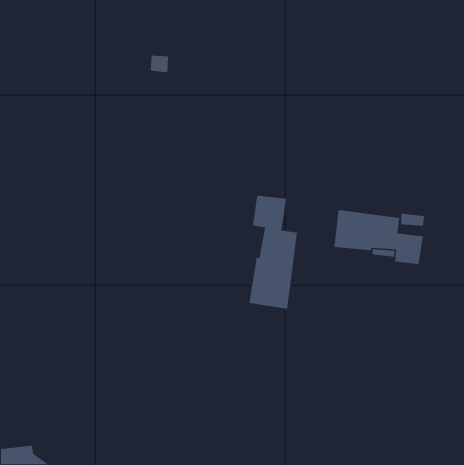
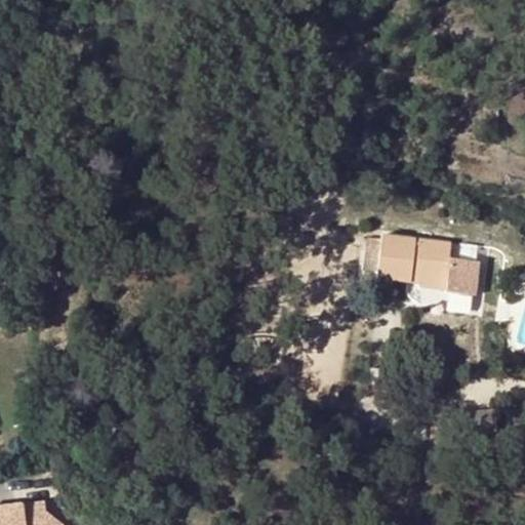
building: [248,195,298,309] -> none

